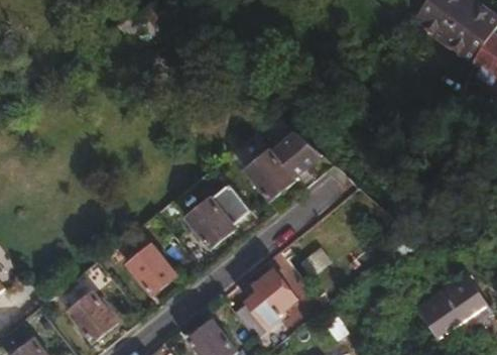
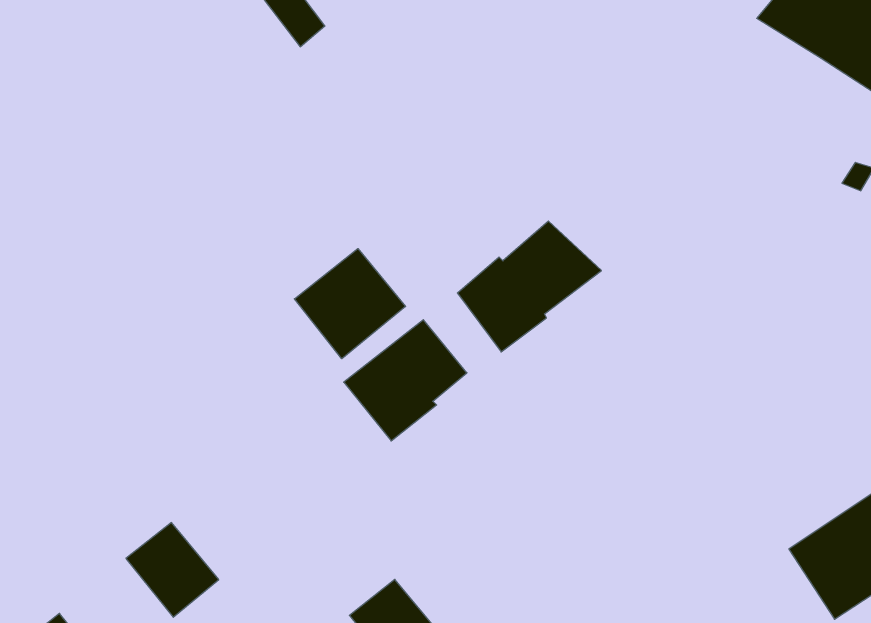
building: none -> [294,249,406,359]
building: [126,243,174,293] -> none
building: [234,259,307,337] -> none

